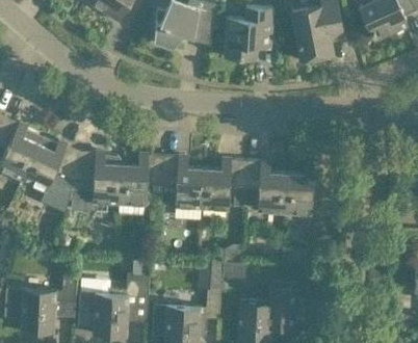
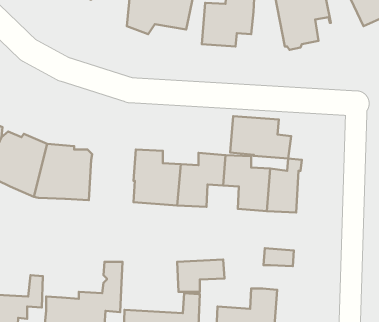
building: none -> [230,116,291,159]
building: [119,154,162,214] -> none

